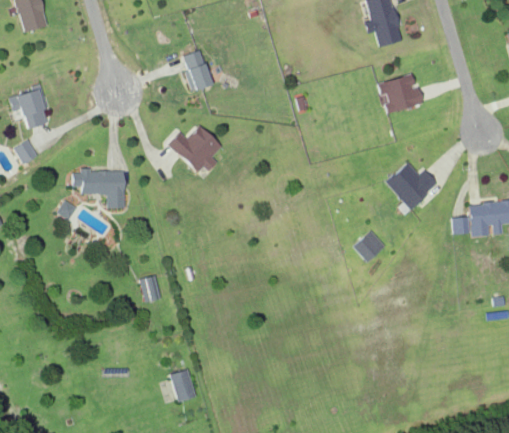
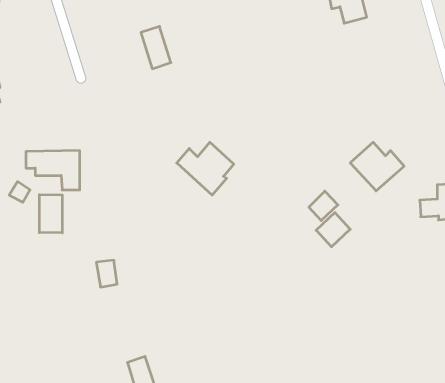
building: [378,74,423,113] -> none
building: [168,125,223,176] -> [177,142,234,195]
building: none -> [309,191,338,221]
building: none -> [39,195,62,233]

